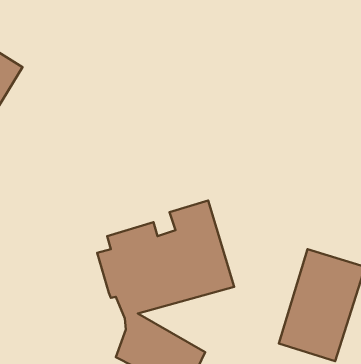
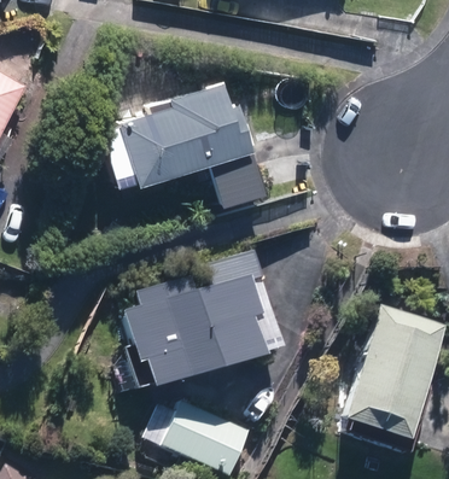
building: none -> [95,80,255,192]

